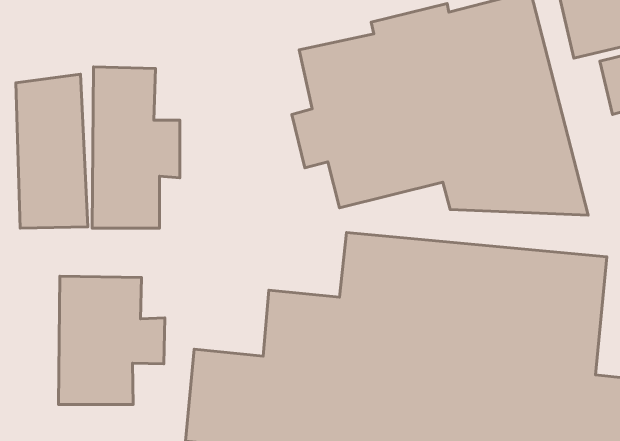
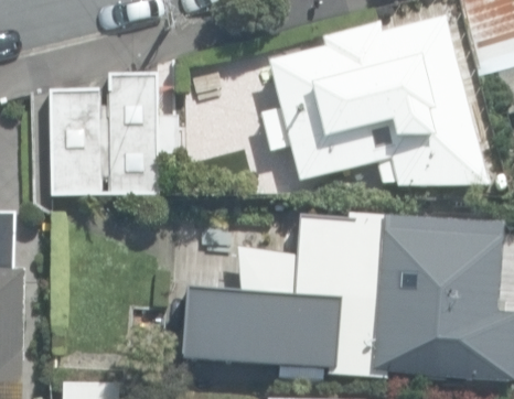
building: [59,276,165,405] -> none

